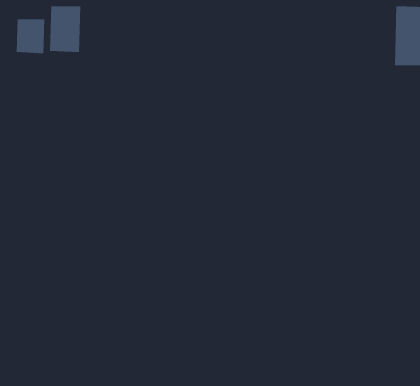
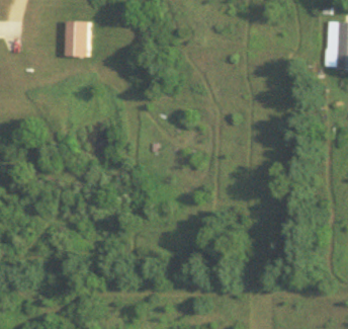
building: [16,18,45,54] -> none

